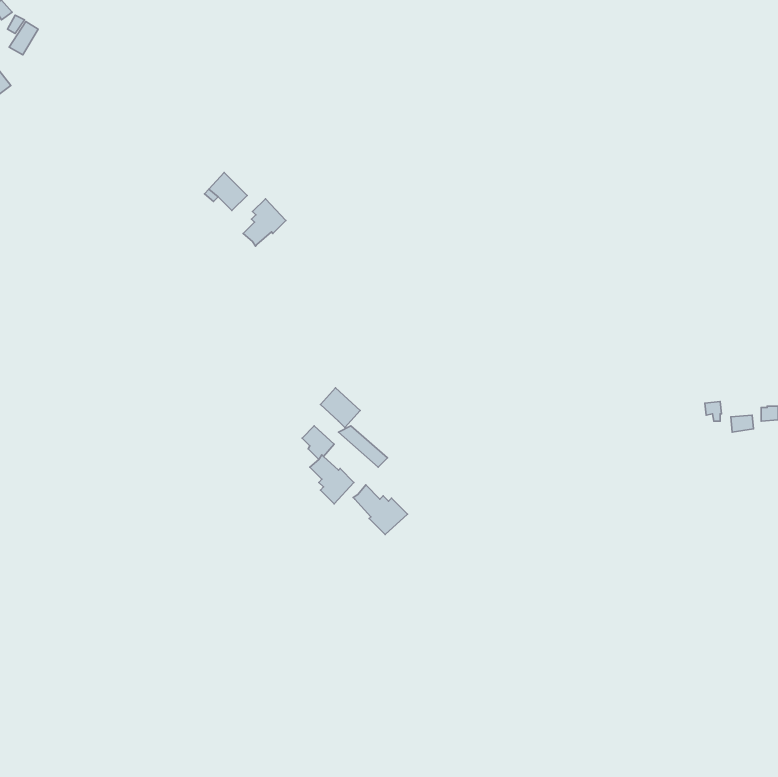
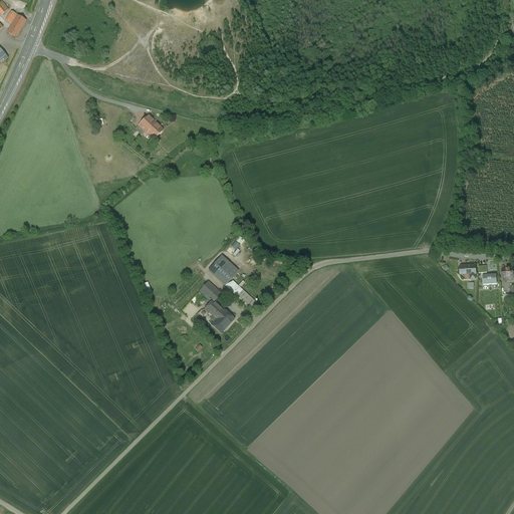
building: [243,199,286,246] -> none
building: [353,485,408,535] -> none

